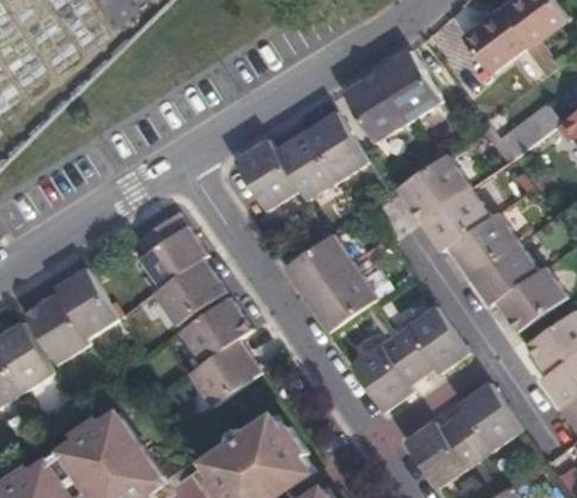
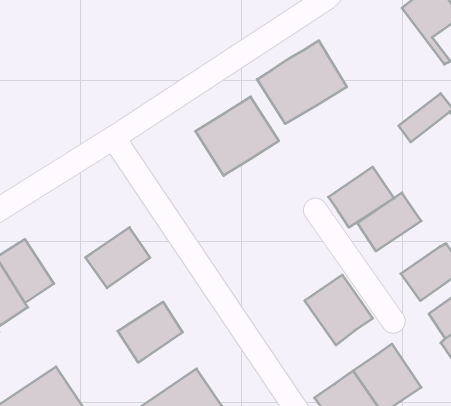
building: [462,12,547,81] -> none
building: [233,138,297,209] -> none
building: [396,154,468,221] -> none
building: [135,211,204,284] -> none
building: [283,235,376,334] -> none
building: [472,248,542,311] -> none
building: [176,294,249,362] -> none
building: [351,336,426,414] -> none

